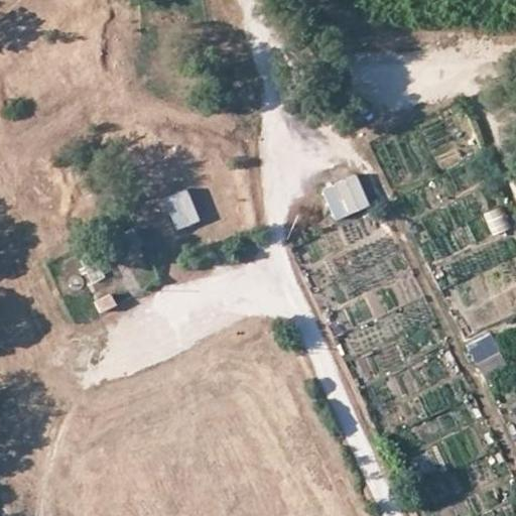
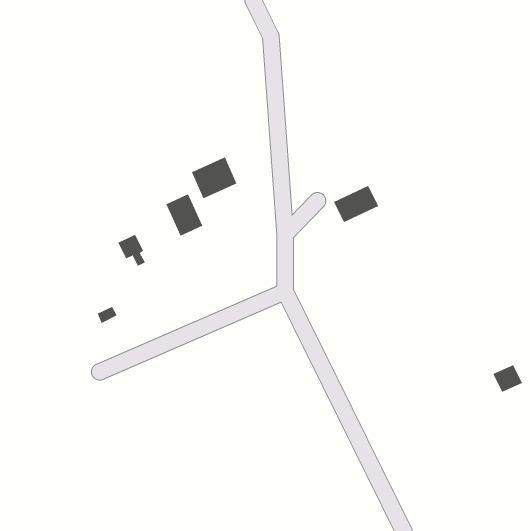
building: none -> [191,157,237,199]

